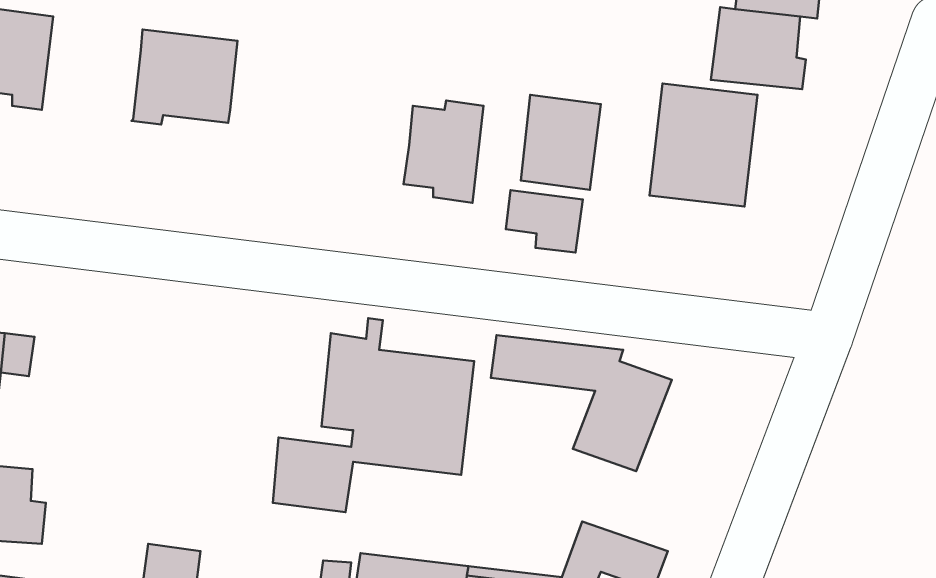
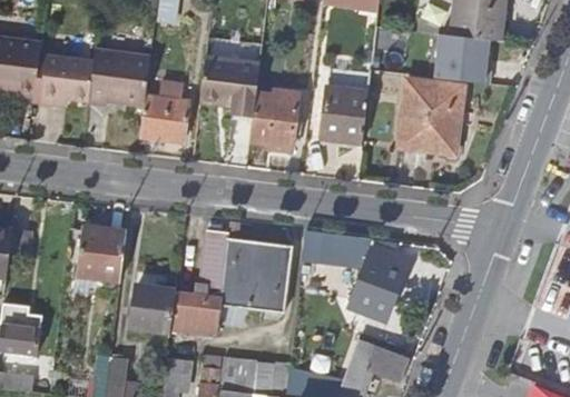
building: none -> [199,38,262,117]
building: none -> [39,53,94,105]
building: none -> [140,82,188,143]
building: [506,190,583,252] -> none
building: none -> [76,226,126,282]
building: none -> [131,287,176,330]

